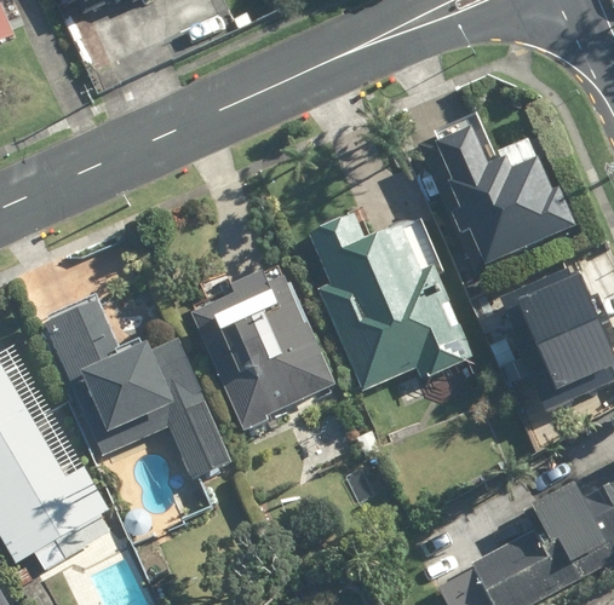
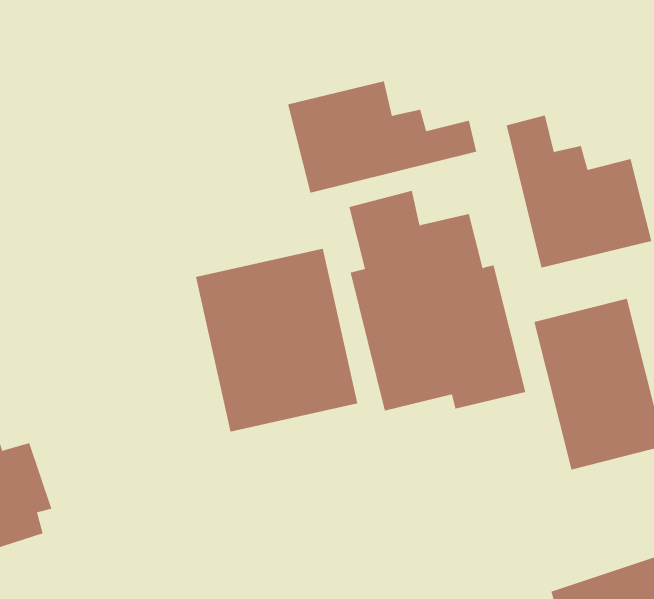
building: none -> [287,80,477,194]
building: [46,295,237,480] -> none

